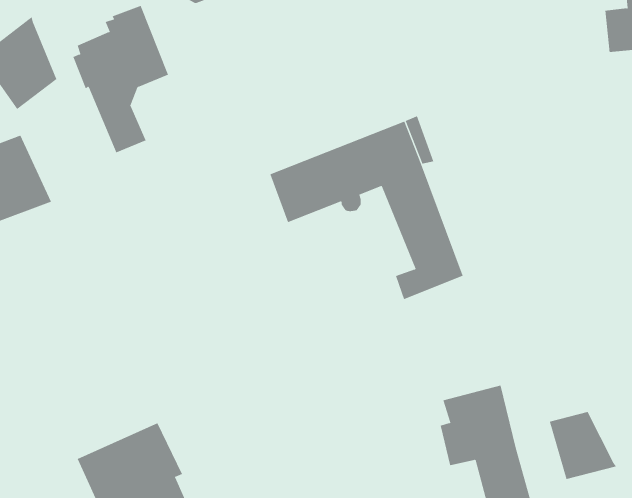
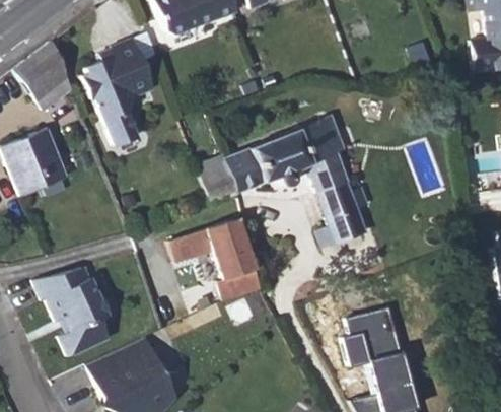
building: none -> [198,155,239,204]
building: none -> [152,218,262,298]
building: none -> [35,267,113,356]
building: [549,411,617,480] -> none

